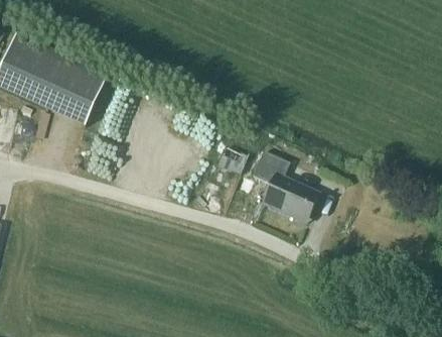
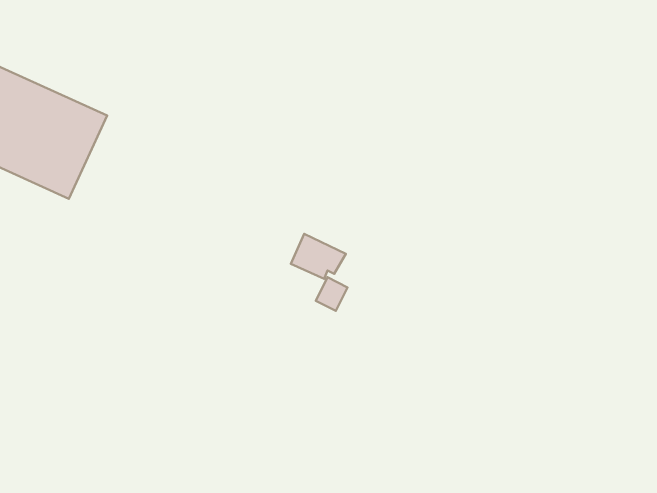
building: [251,150,319,224] -> none

